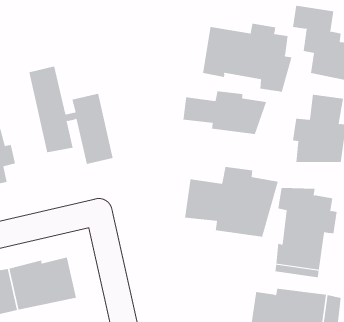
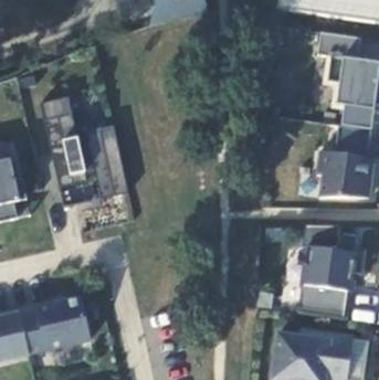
building: [202,23,292,92] -> none
building: [183,90,267,135] -> none
building: [184,166,278,237] -> none

